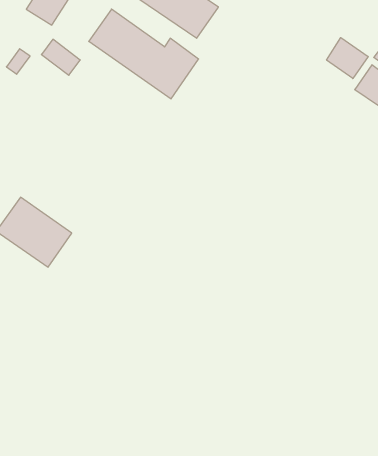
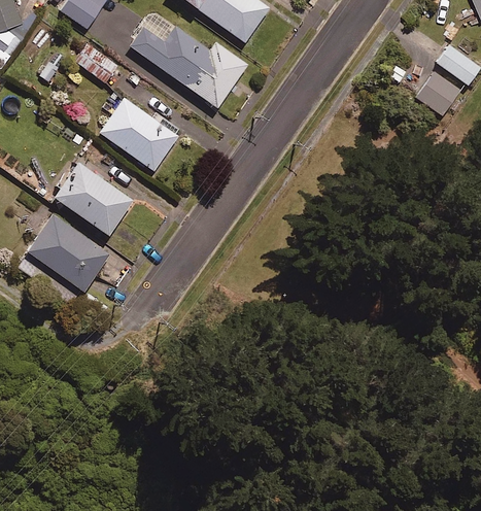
building: [327,38,368,79] -> none
building: none -> [100,98,178,171]
building: none -> [54,163,132,236]

